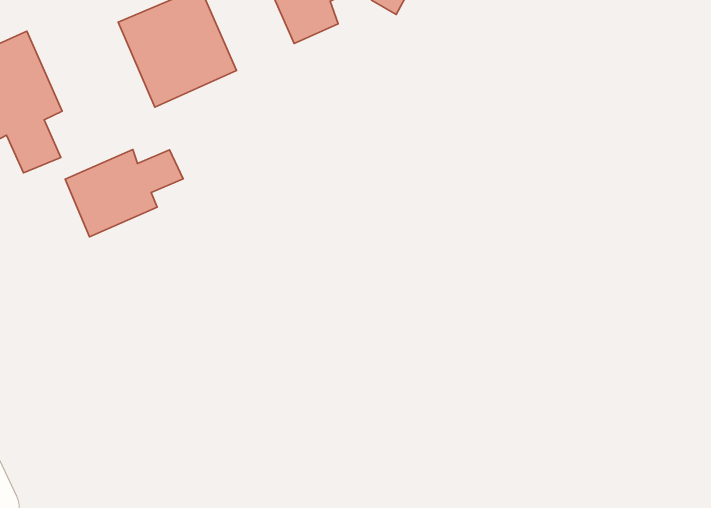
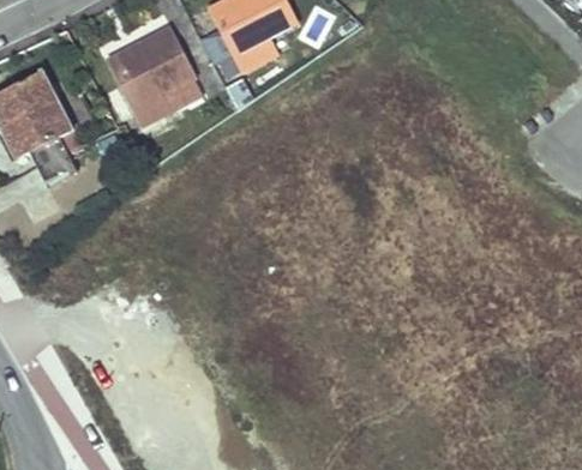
building: [65,150,183,237] -> none

